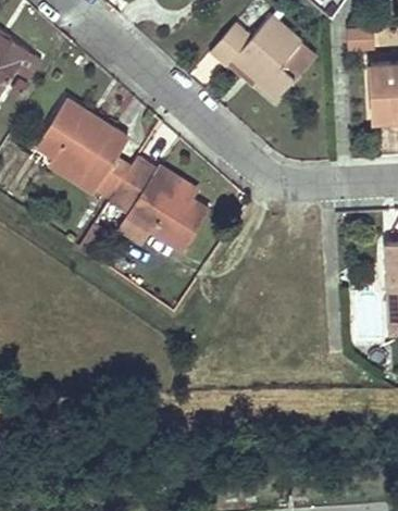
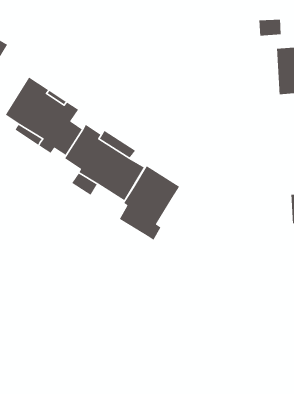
building: [210,14,301,99] -> none
building: none -> [119,165,180,241]

